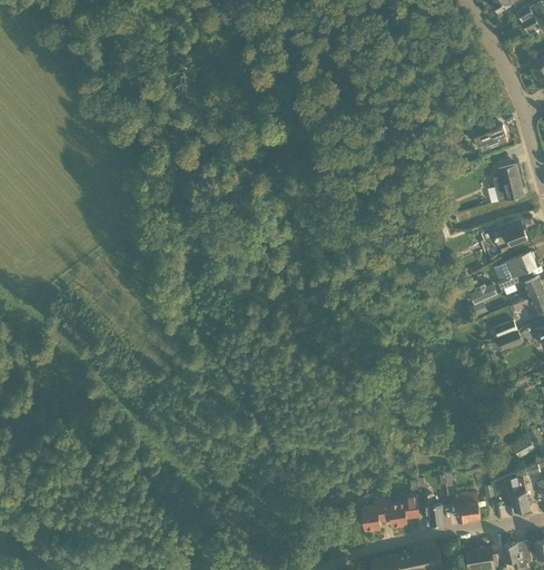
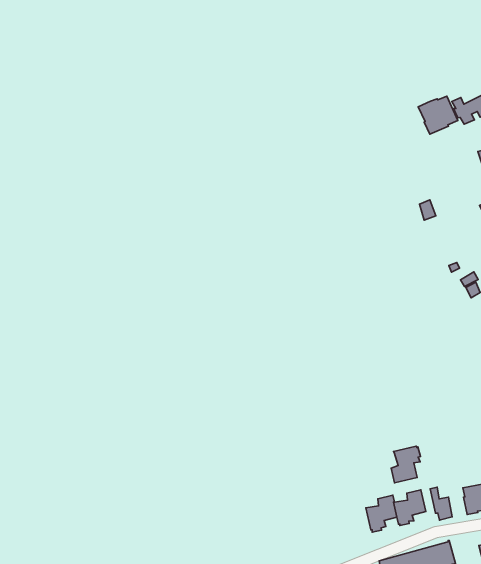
building: none -> [418,96,458,134]
building: none -> [391,446,420,483]

